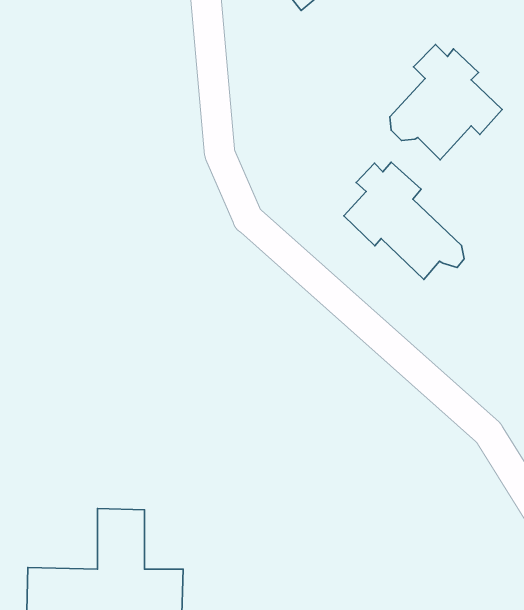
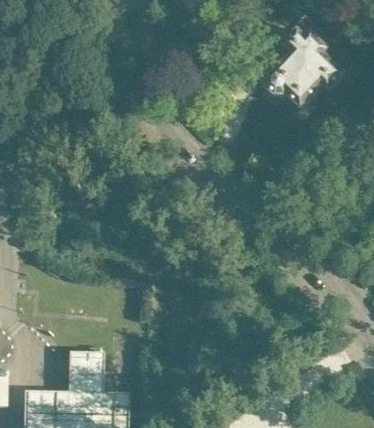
building: [344,162,464,280] -> none

